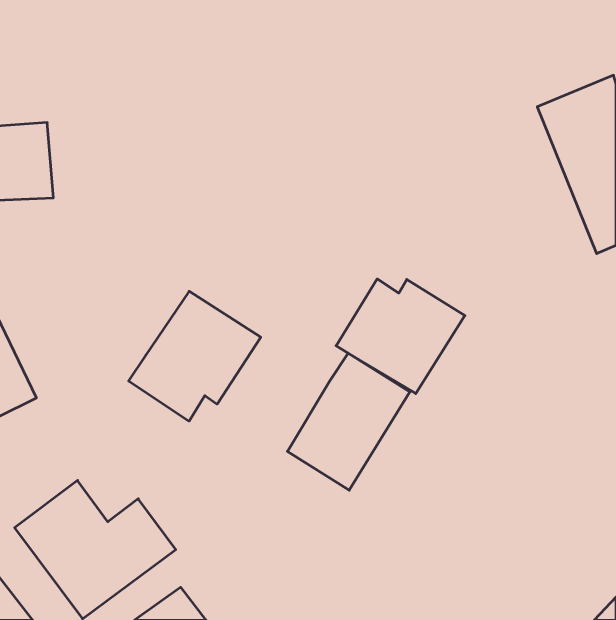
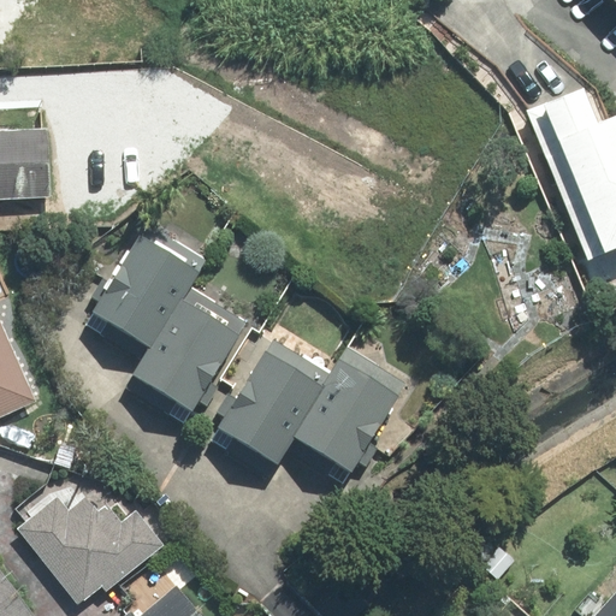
building: none -> [90,231,201,353]
building: [336,279,465,394] -> none
building: none -> [209,334,327,472]

